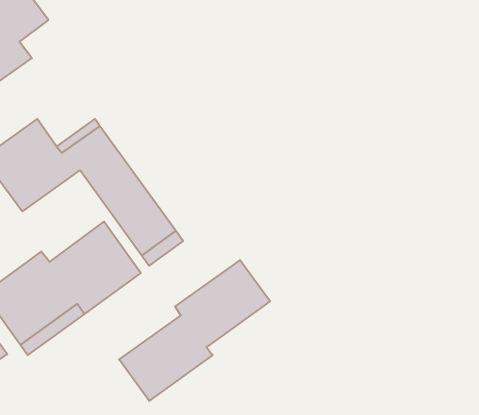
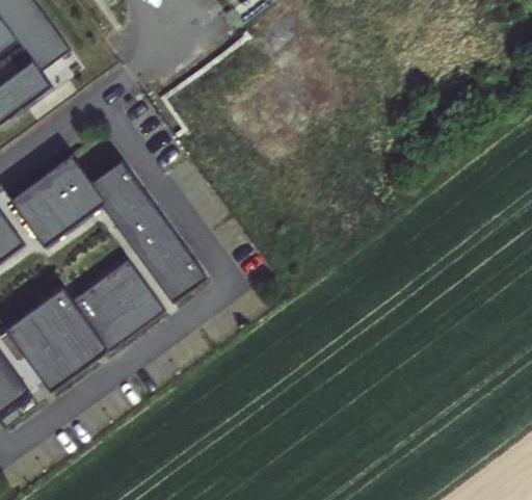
building: [119,260,270,401] -> none

